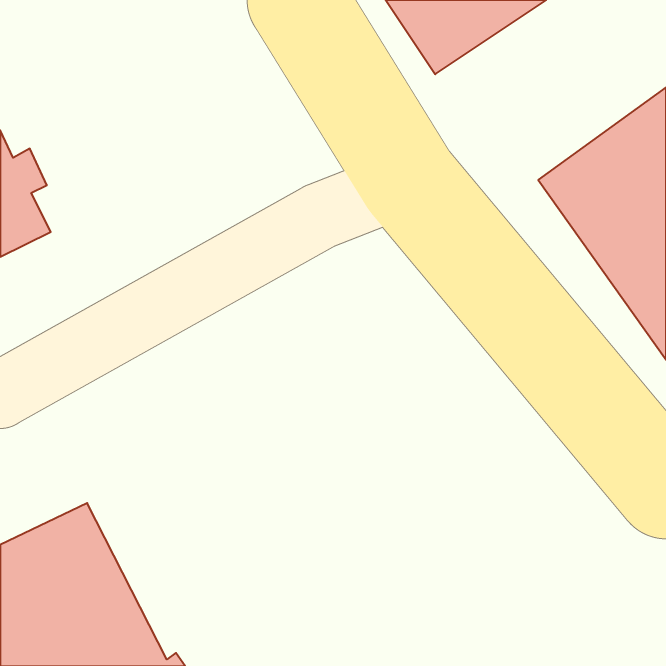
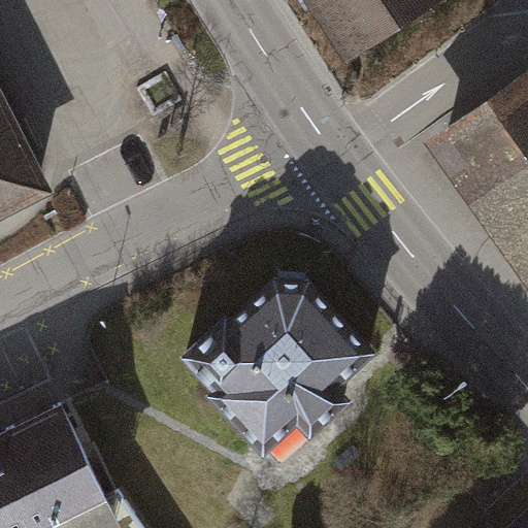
building: none -> [192,272,374,453]

